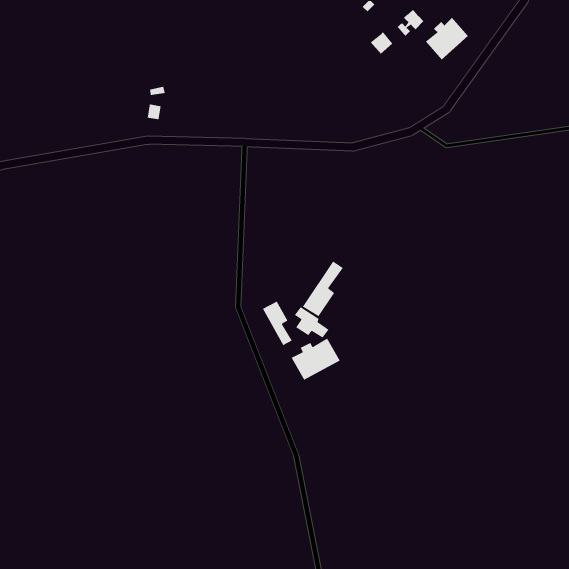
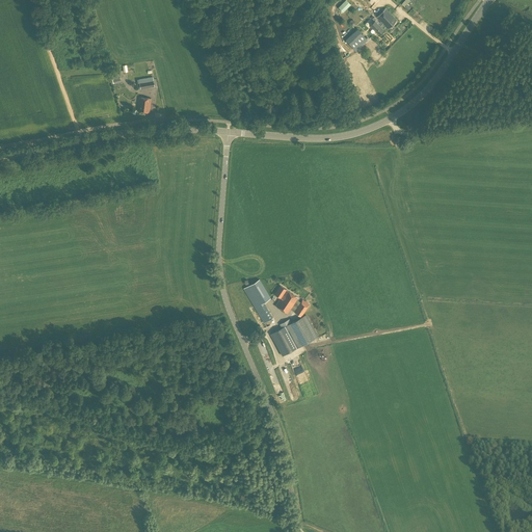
building: [425,17,469,61] -> none
building: [302,261,344,317] -> none

